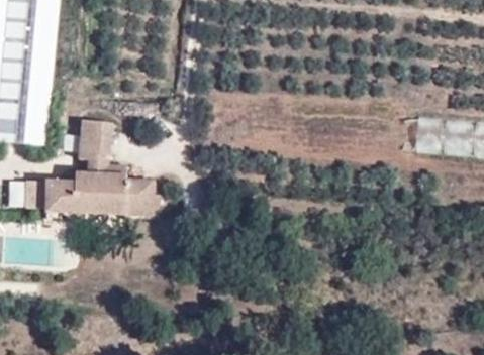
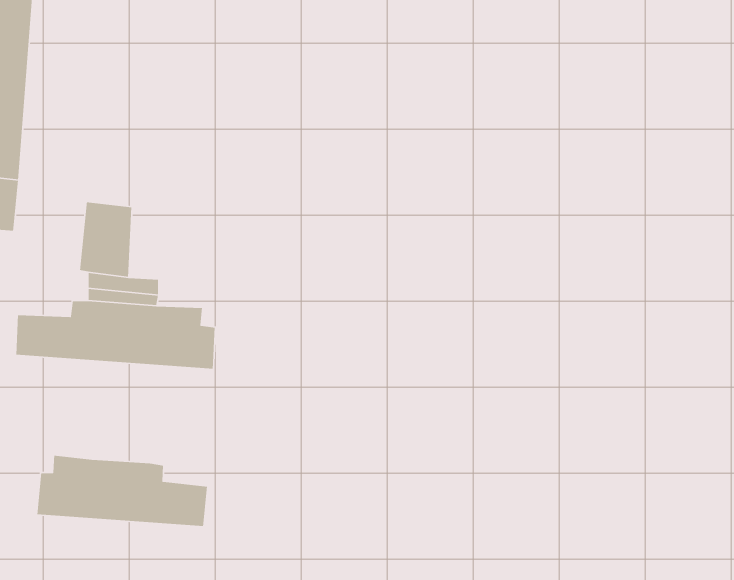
building: none -> [36,455,208,527]

